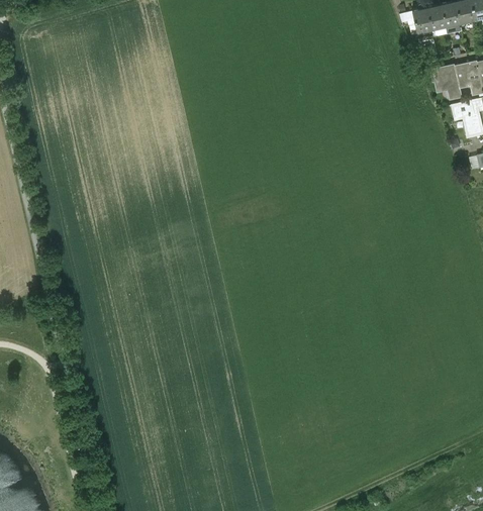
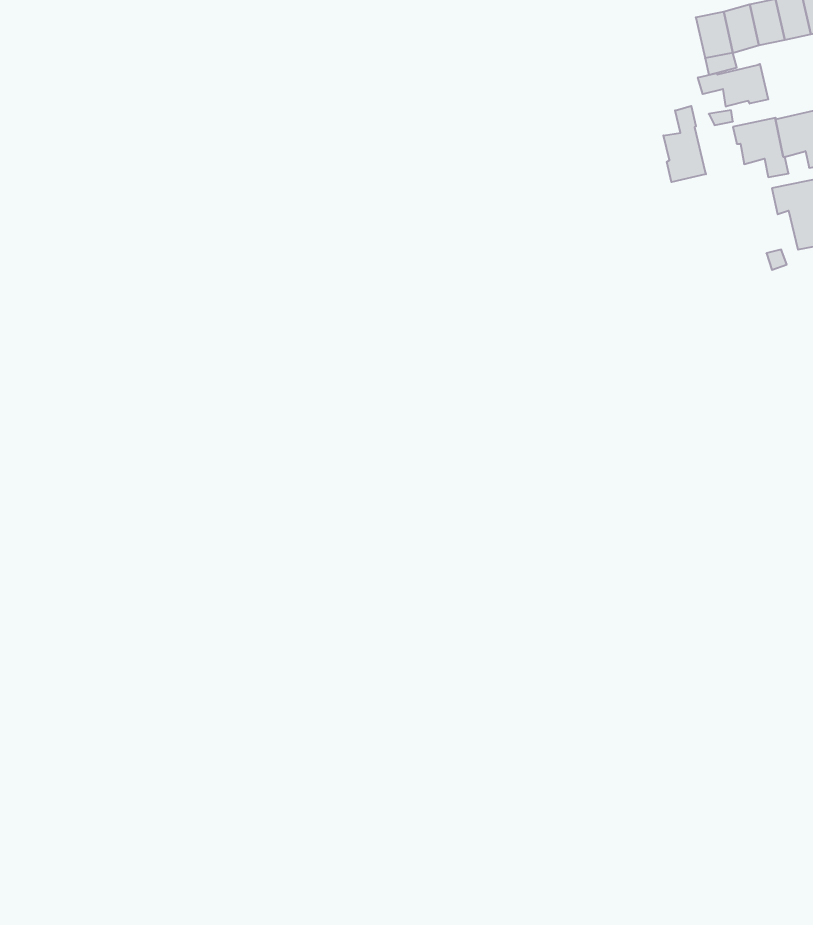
building: none -> [698,64,768,107]
building: none -> [663,106,706,182]

